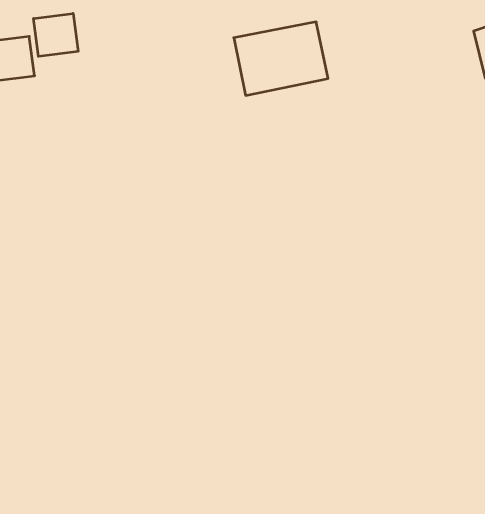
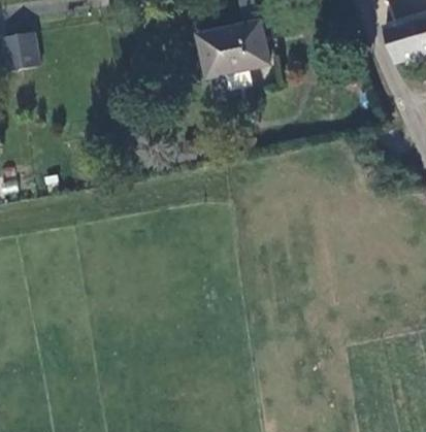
building: [34,13,78,56] -> none

